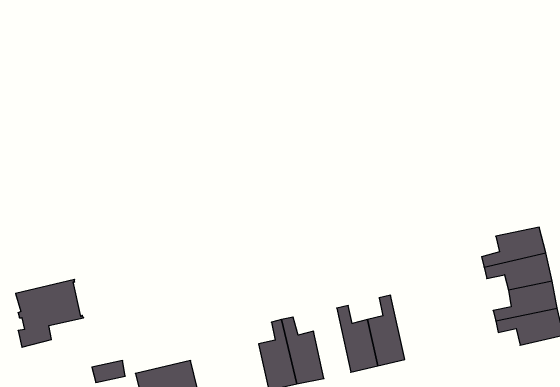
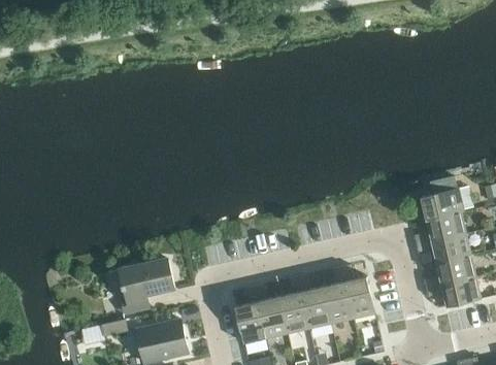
building: none -> [408,177,463,224]
building: [16,279,84,347] -> [119,259,173,313]
building: none -> [340,265,374,319]
building: none -> [278,277,308,334]

